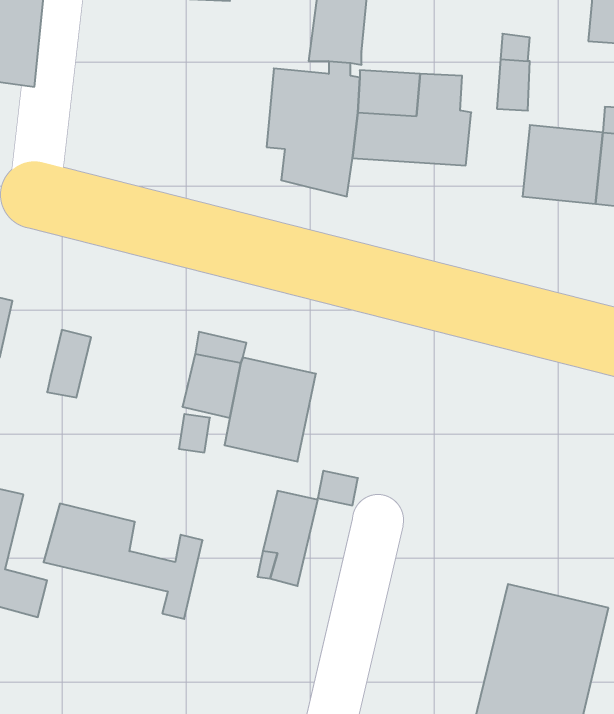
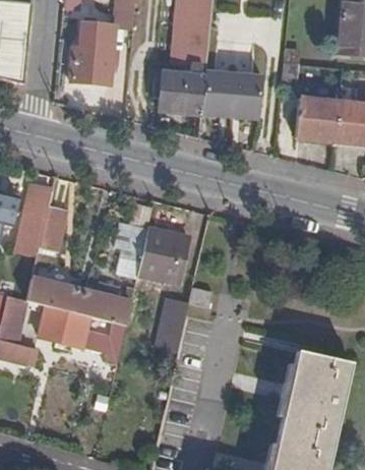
building: none -> [76,32,120,80]
building: none -> [16,184,50,236]
building: none -> [23,278,128,328]

